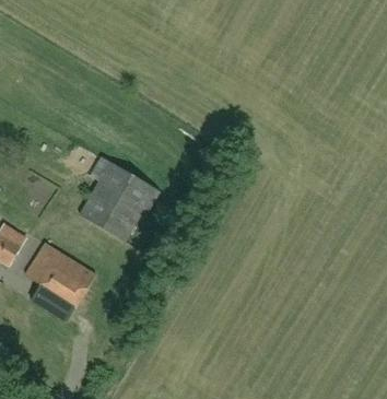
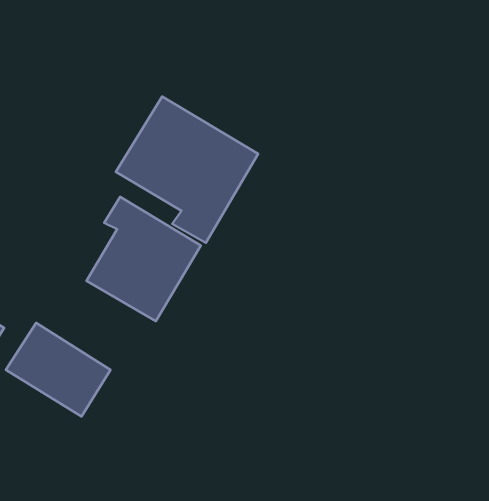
building: none -> [116,96,258,243]

